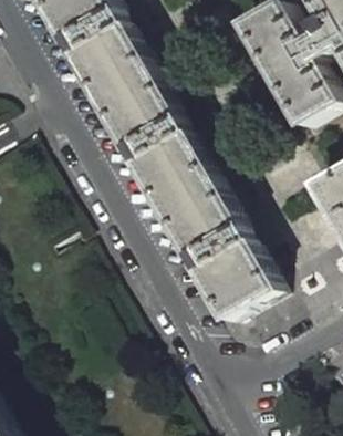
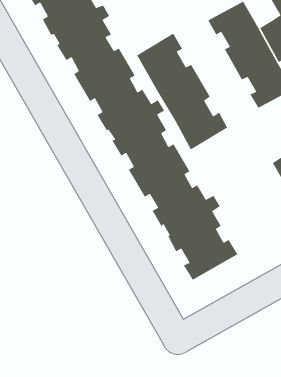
building: none -> [136,32,228,150]

